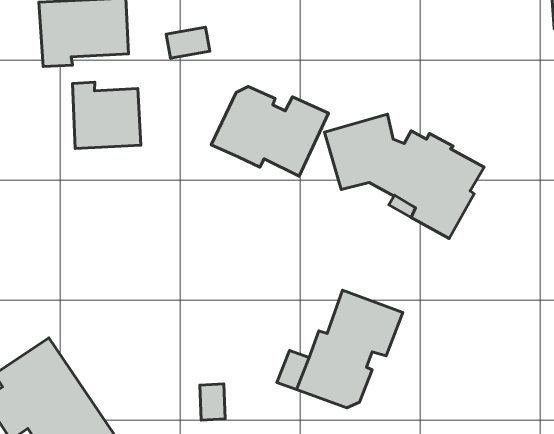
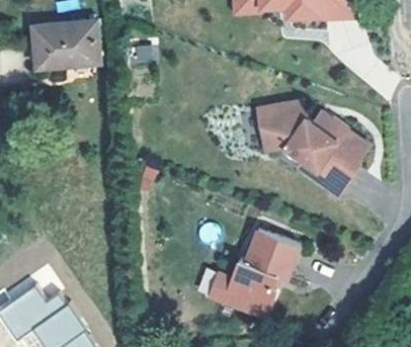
building: [72,82,141,149] -> none
building: [211,86,329,176] -> none

